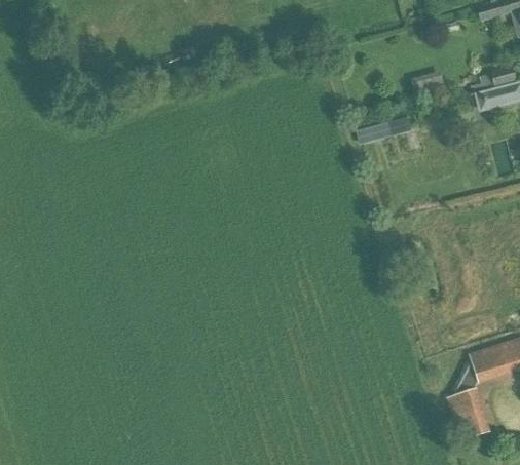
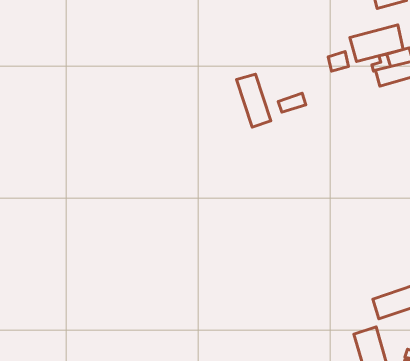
building: none -> [350,25,403,62]
building: none -> [236,74,271,127]

